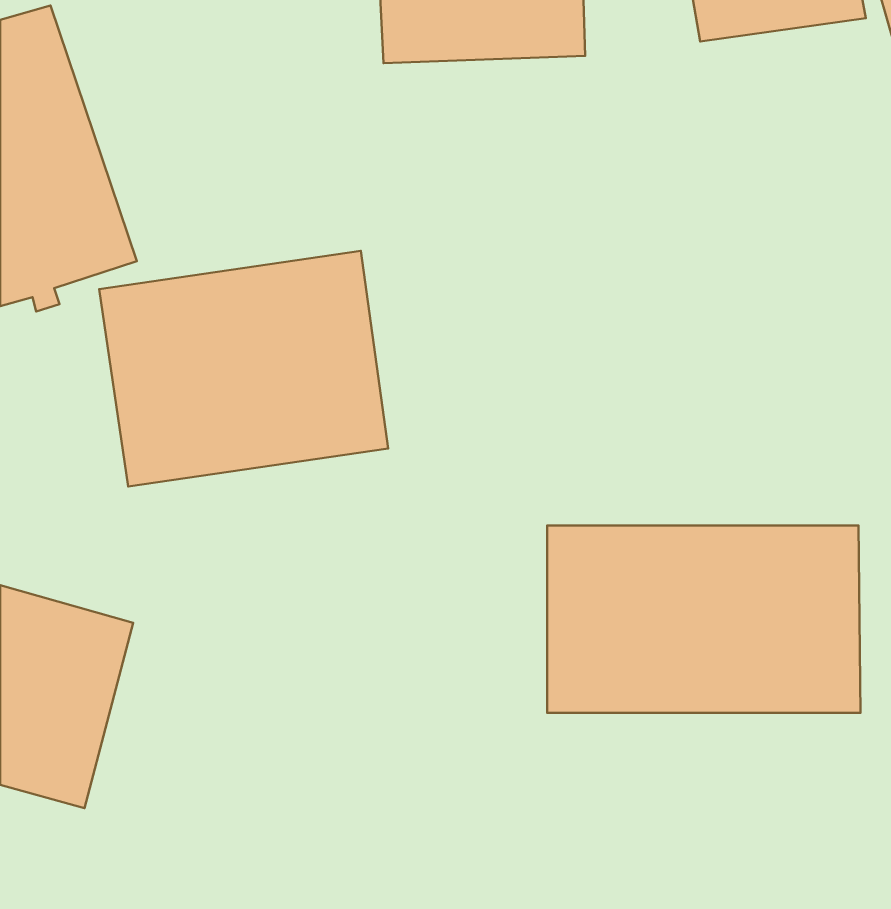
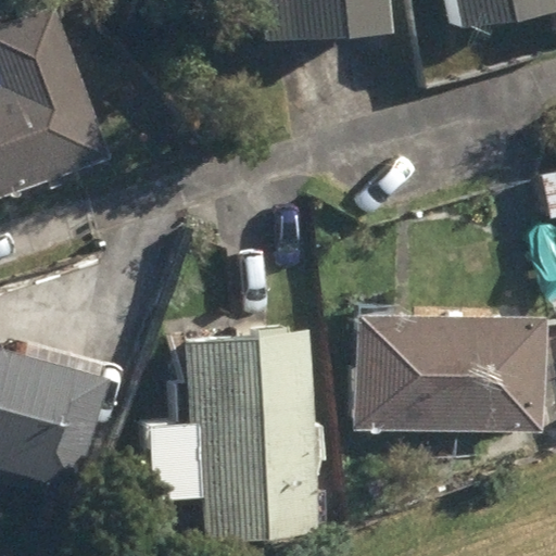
building: [99,251,388,487] -> none
building: none -> [166,330,314,544]

